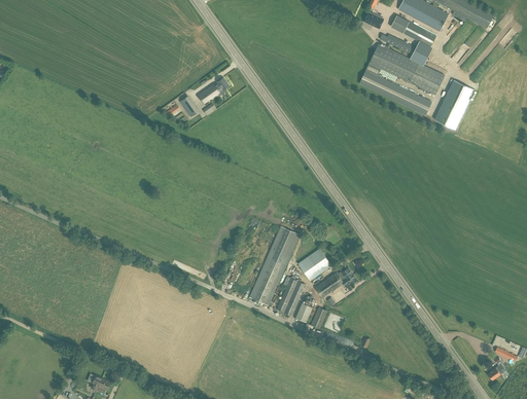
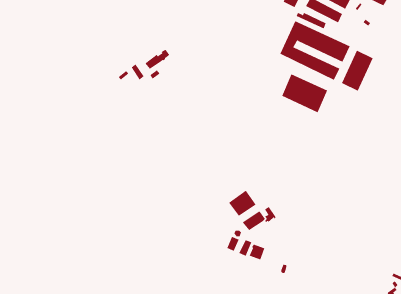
building: none -> [281,73,328,113]
building: [248,227,298,305] -> none
building: [276,278,304,316] -> none

